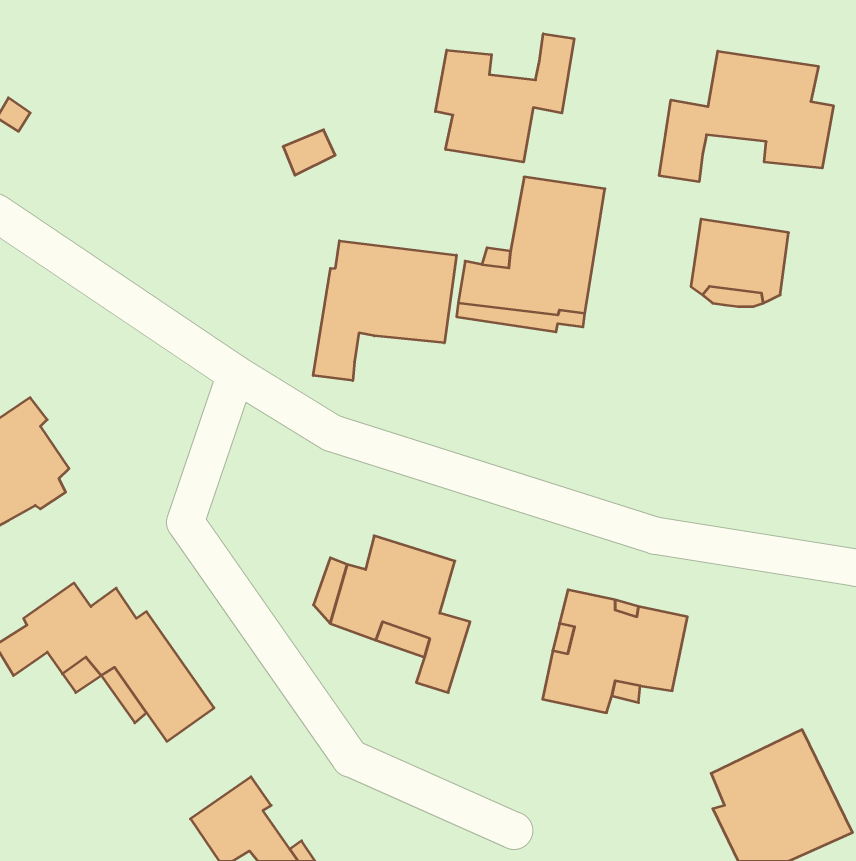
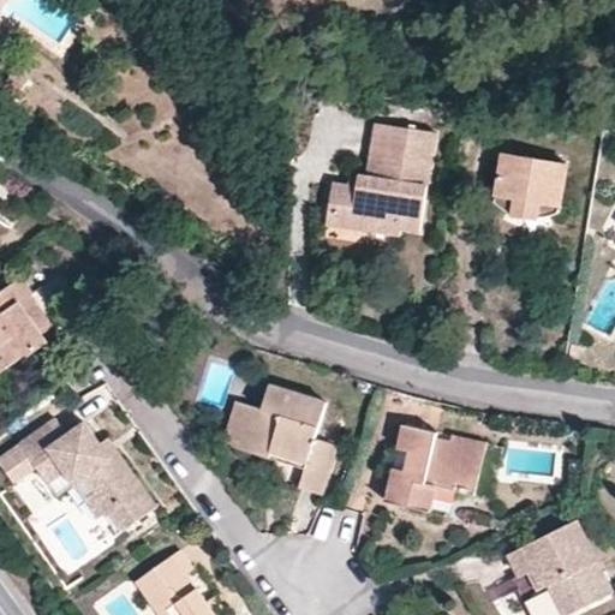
building: [435,34,574,162] -> none
building: [659,51,833,182] -> none
building: [313,241,456,381] -> none

